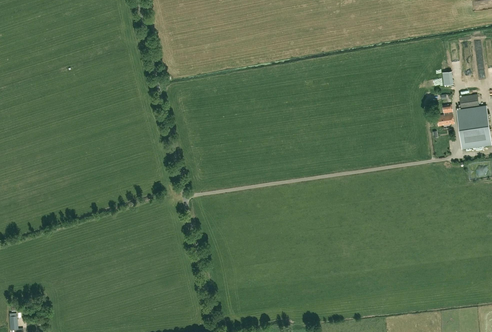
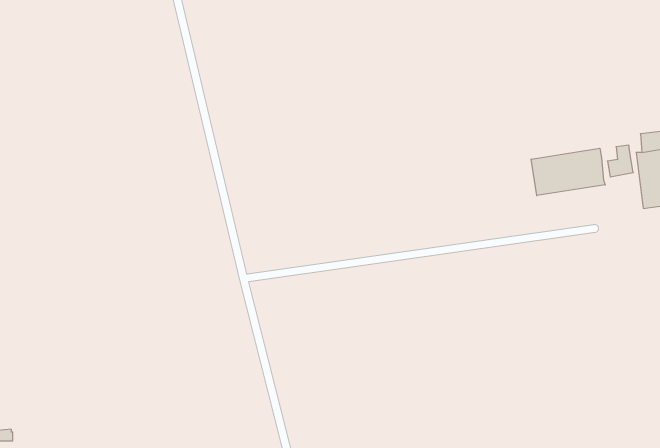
building: none -> [531,148,605,196]

